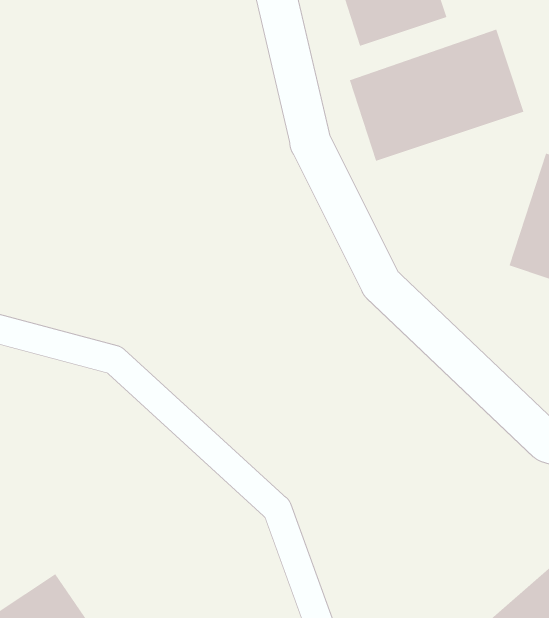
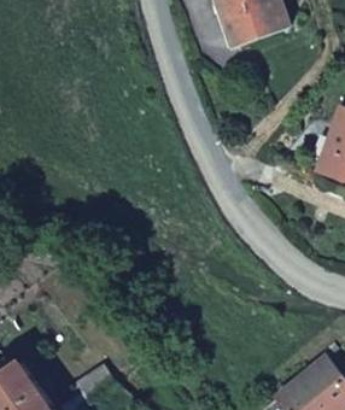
building: [349,29,525,162] -> none

